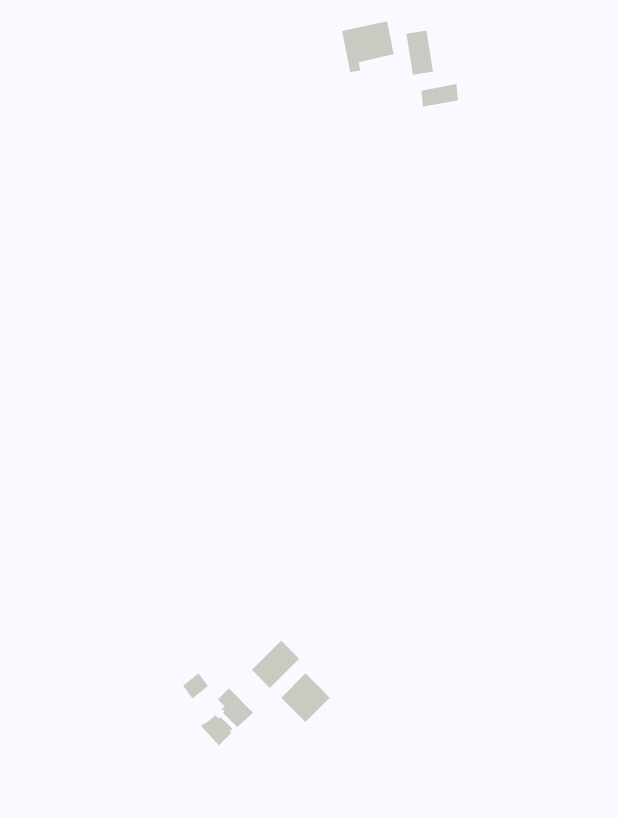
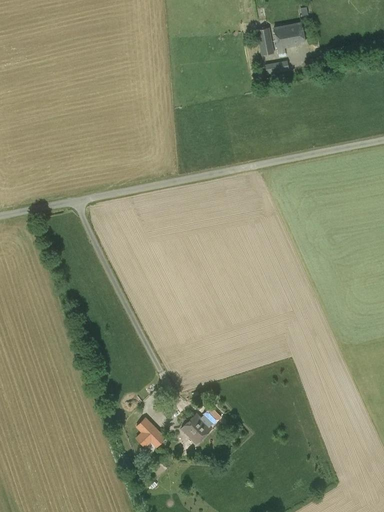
building: [341,21,395,73] -> [272,22,304,53]
building: [251,640,300,689] -> none

